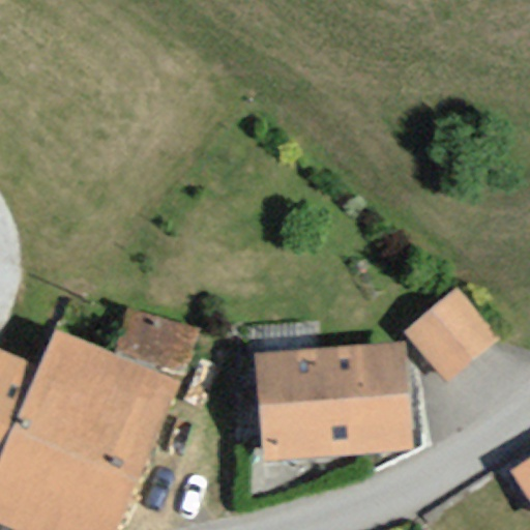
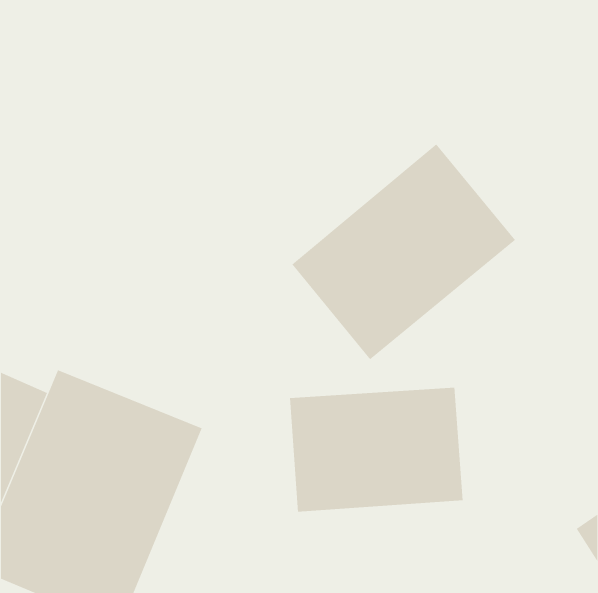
building: none -> [291,143,516,360]
building: [401,285,496,380] -> none

